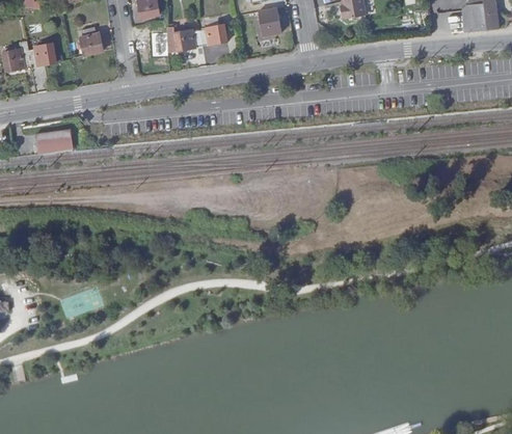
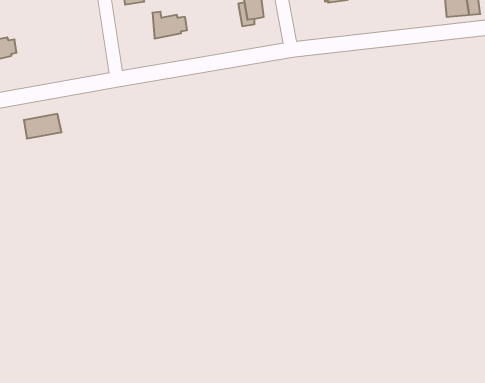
building: [200,23,226,45] -> none
building: [79,28,102,55] -> none
building: [27,46,55,67] -> none

